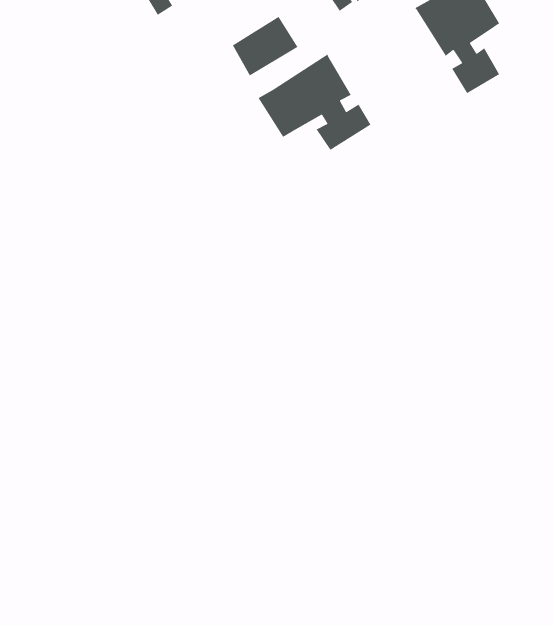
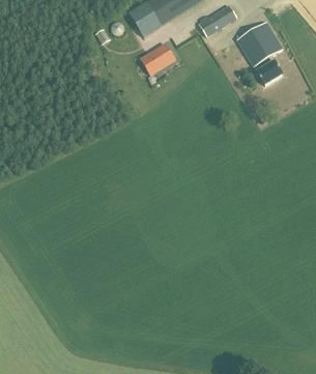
building: [258,53,371,151] -> none

